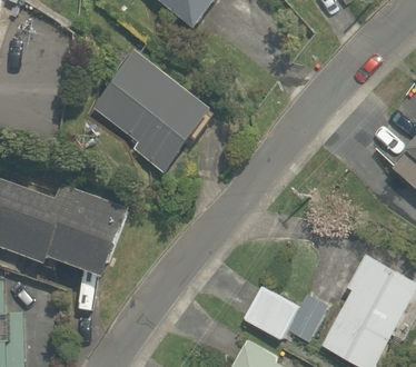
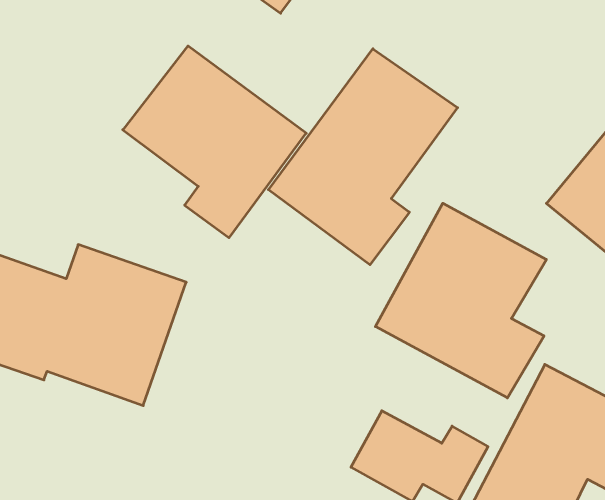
building: none -> [268,49,458,265]
building: none -> [375,203,546,398]

